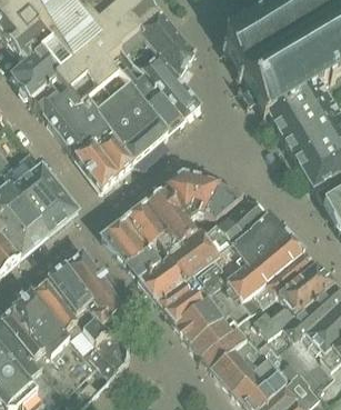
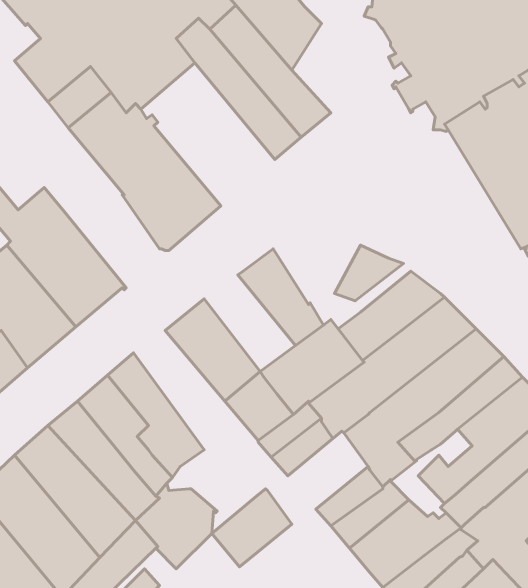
building: [86,74,166,160] -> none
building: [164,174,217,219] -> none
building: [123,201,178,259] -> none
building: [173,294,221,341] -> [212,489,292,567]

